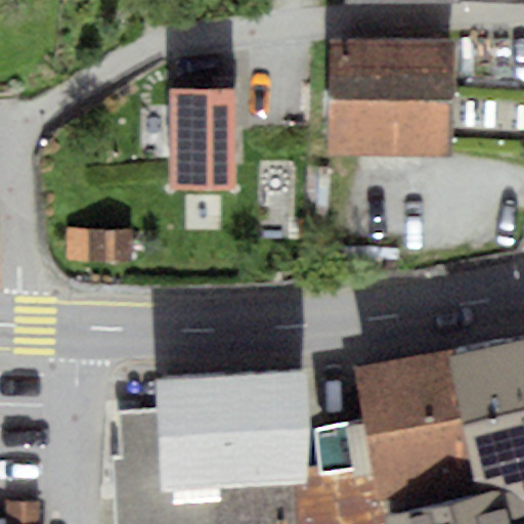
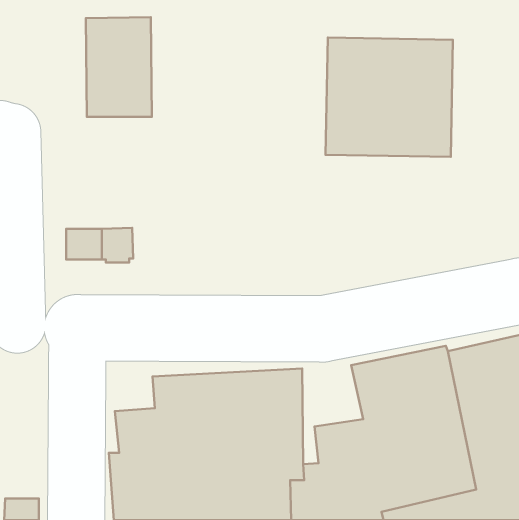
building: [171,87,237,187] -> [86,17,152,117]

